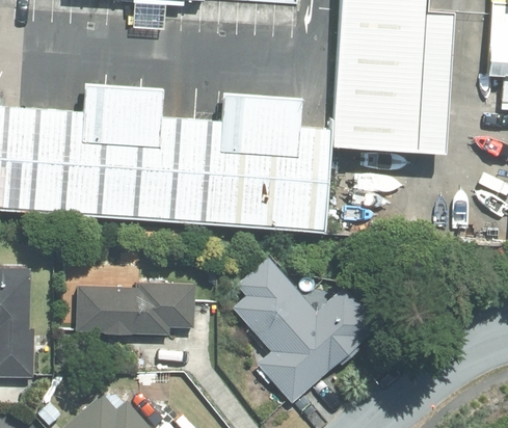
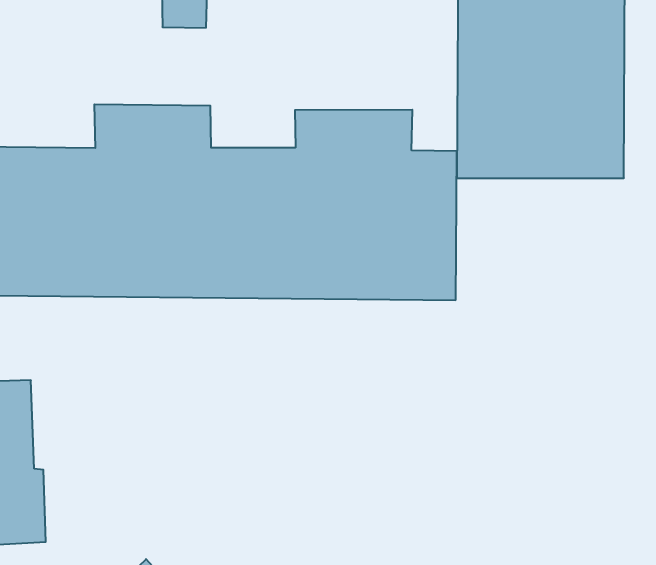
building: [234,257,378,404] -> none
building: [77,284,194,336] -> none

